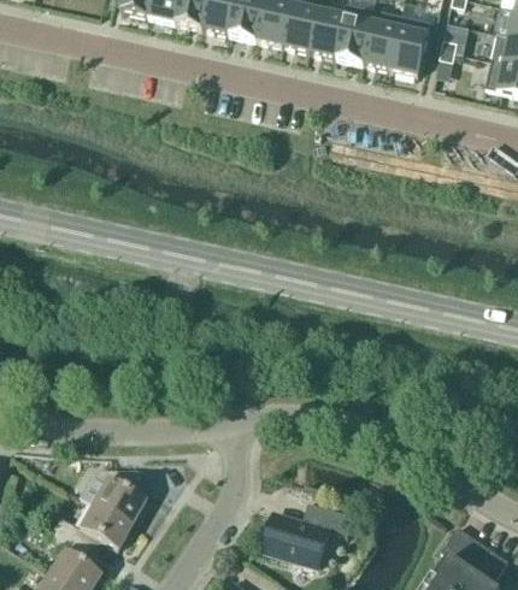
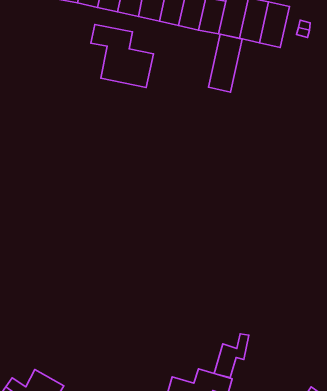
building: none -> [91,24,154,88]
building: none -> [209,34,242,92]
building: none -> [214,334,249,377]
building: [92,466,143,524] -> none

